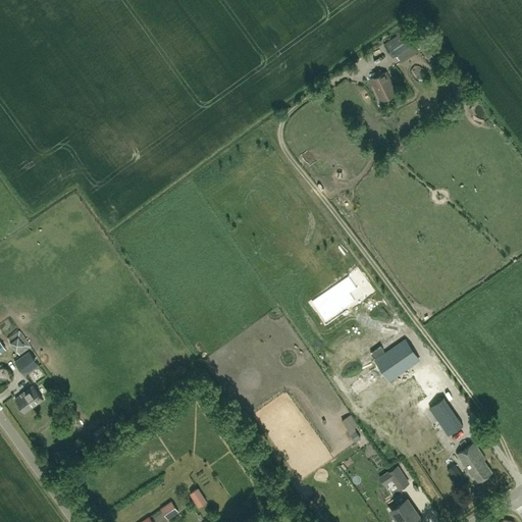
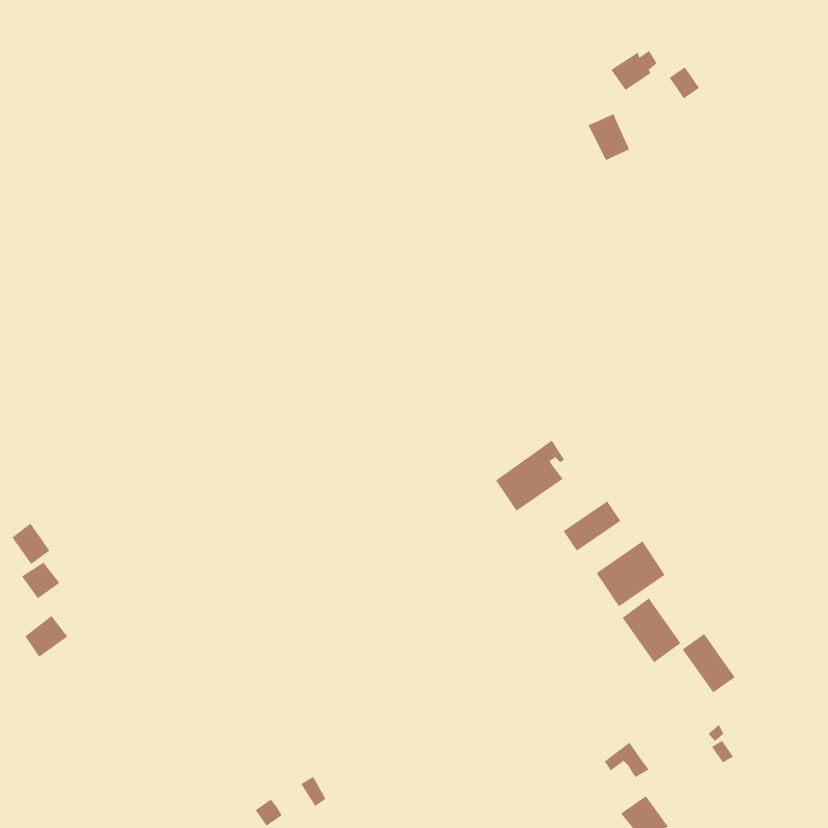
building: none -> [563,500,621,552]
building: none -> [622,598,681,663]
building: [456,442,490,482] -> none

